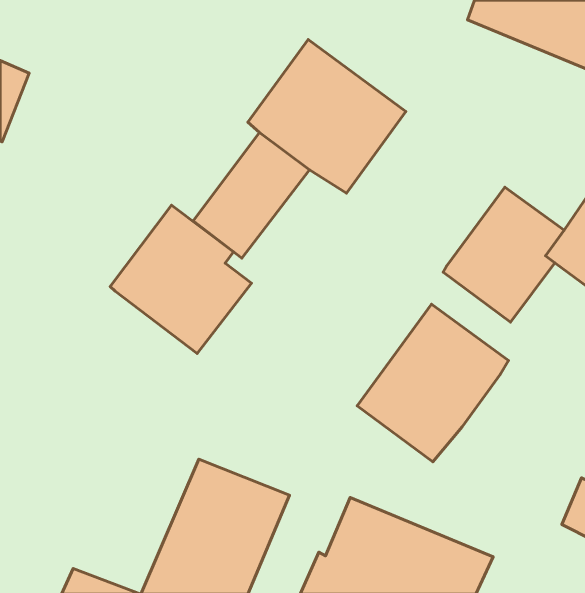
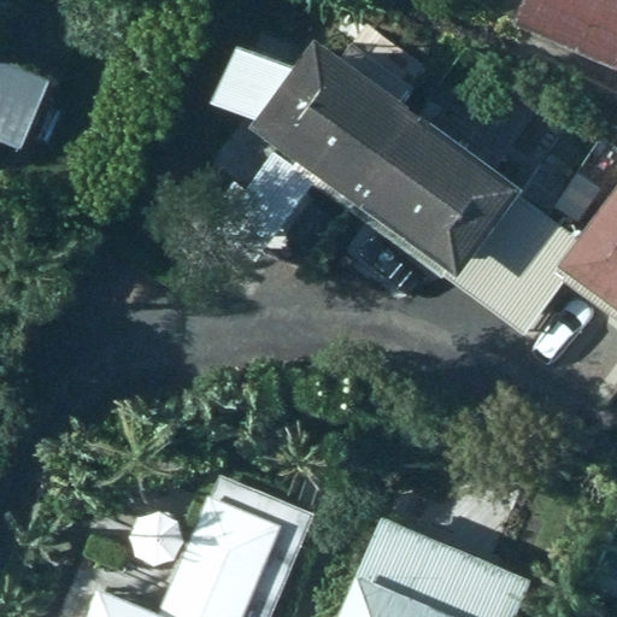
building: none -> [369,117,533,277]
building: [110,205,251,354] -> none
building: [357,304,509,462] -> none

